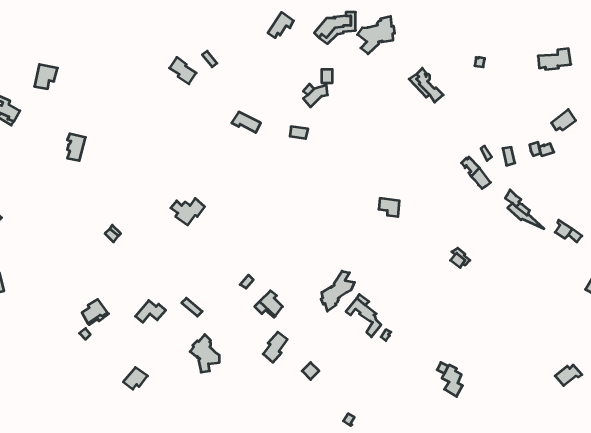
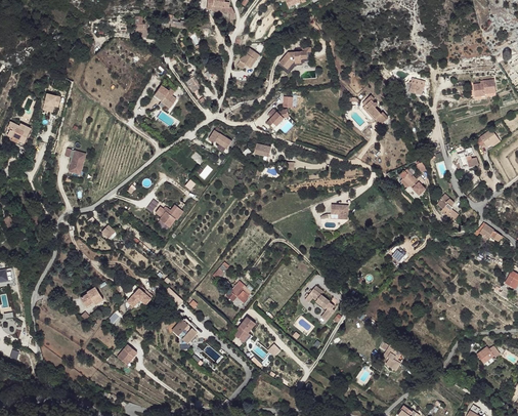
building: [357,16,395,54] -> none
building: [321,271,355,311] -> none

